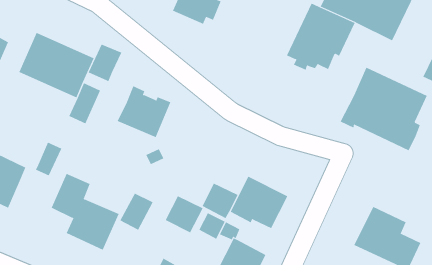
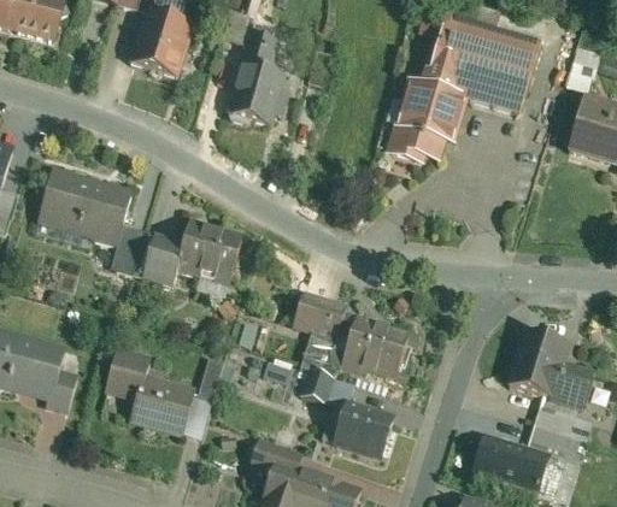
building: [88,44,122,82] -> [142,234,183,282]
building: [340,67,427,151] -> none
building: [35,142,62,176] -> [48,366,80,411]
building: none -> [293,288,355,341]

